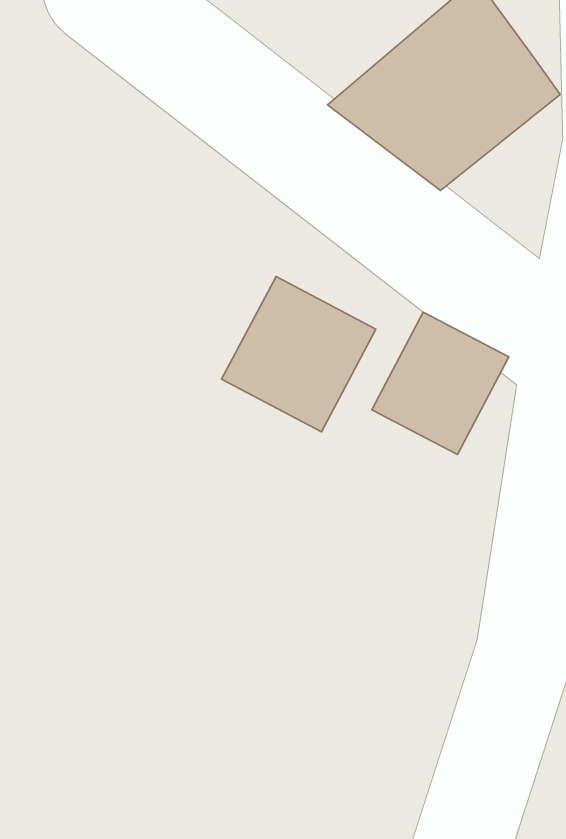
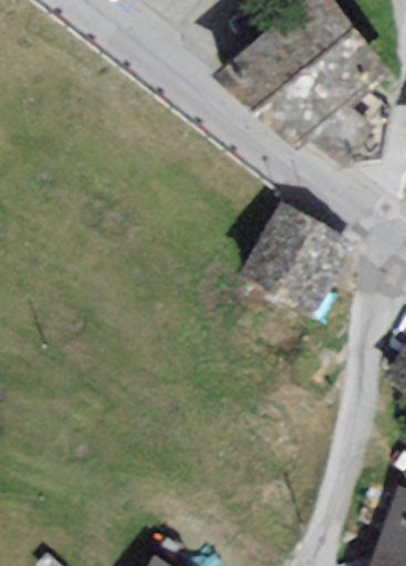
building: [222,277,376,432] -> none

